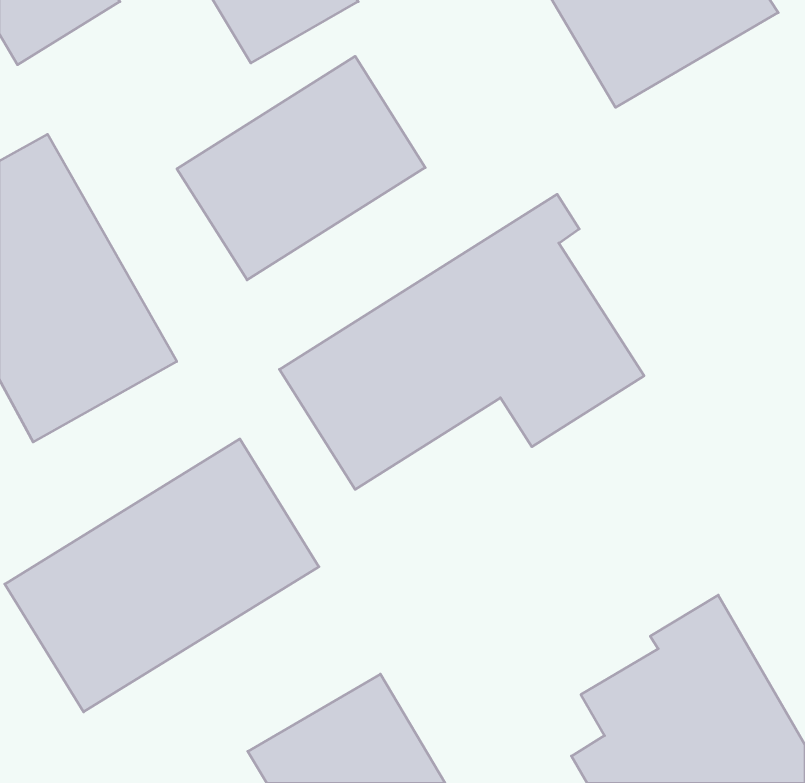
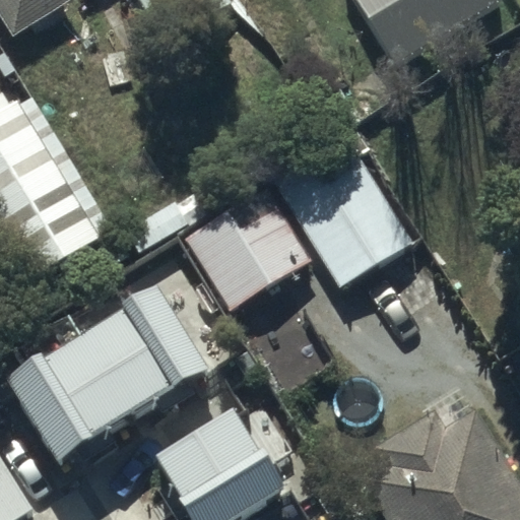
building: [177,56,425,280] -> none

